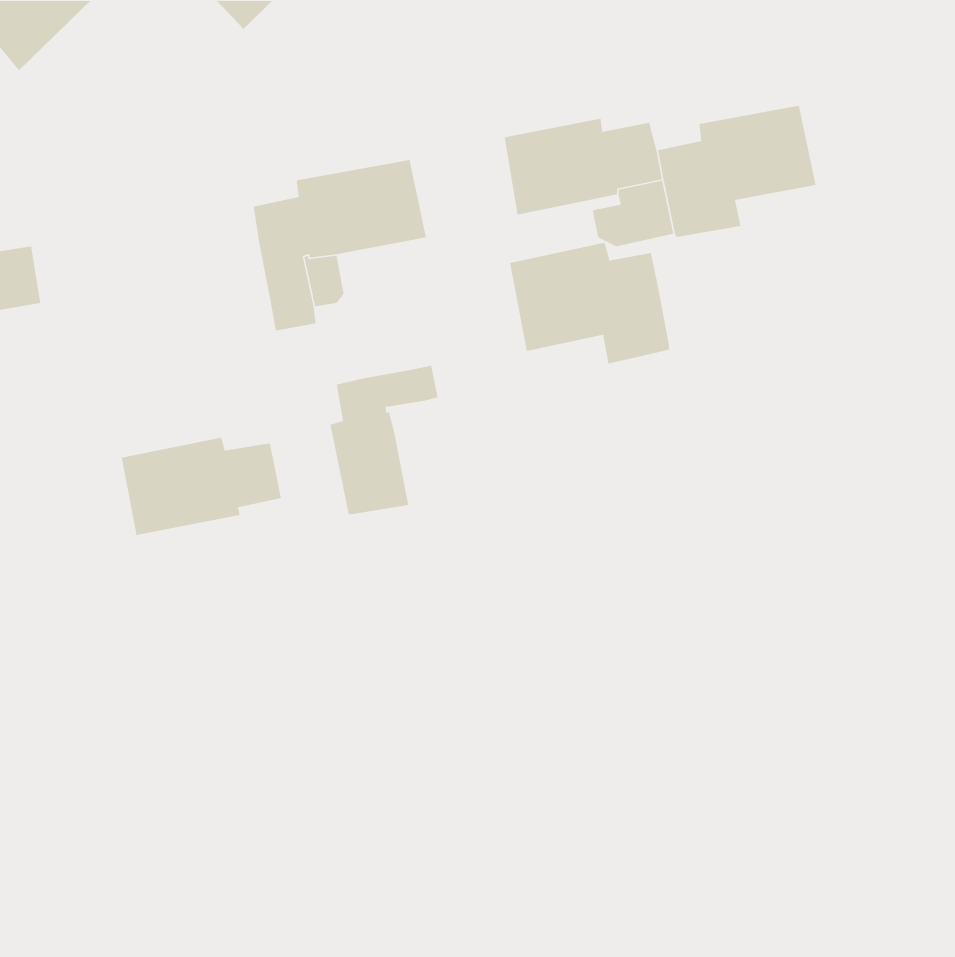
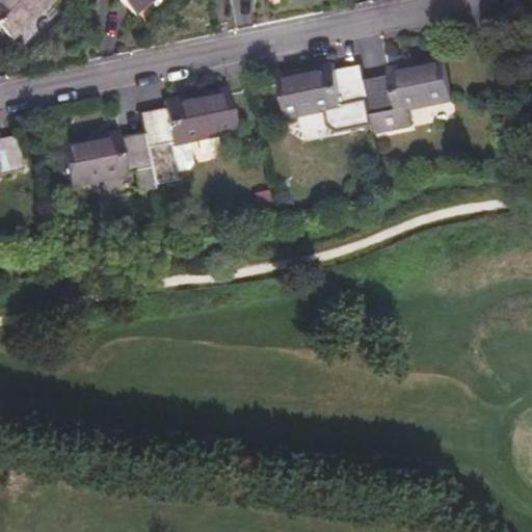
building: [509,242,670,365] -> none
building: [330,365,438,516] -> none
building: [121,437,282,536] -> [60,132,150,187]

